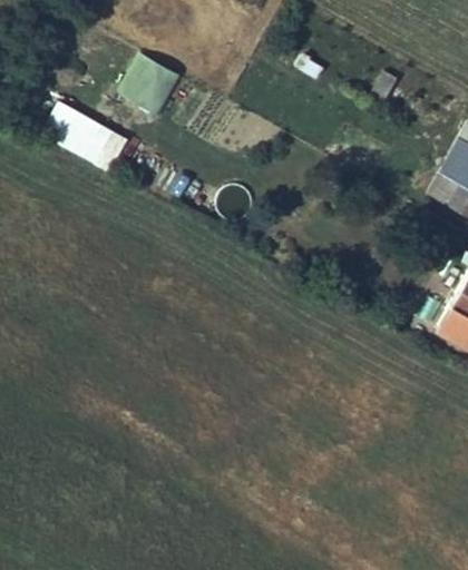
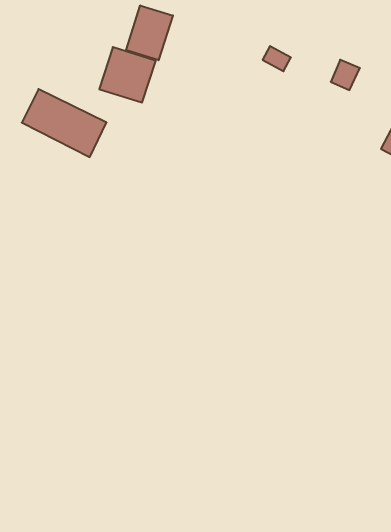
building: none -> [126,5,173,60]

